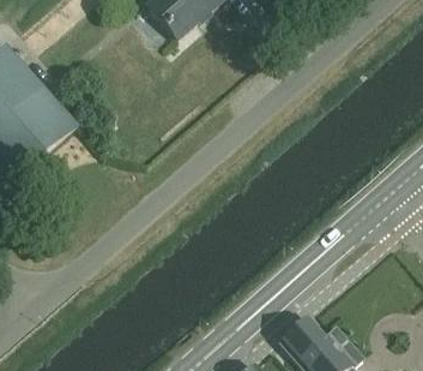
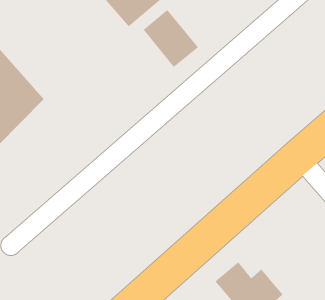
building: none -> [143,9,199,68]

